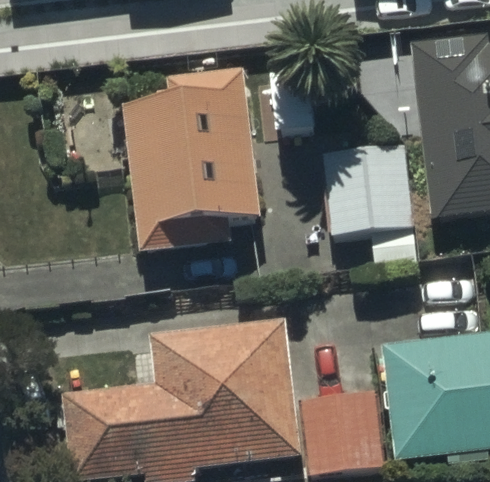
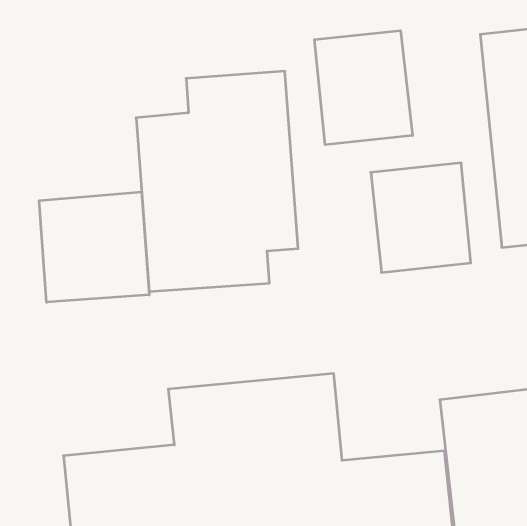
building: none -> [314,31,412,145]
building: none -> [39,192,149,302]

